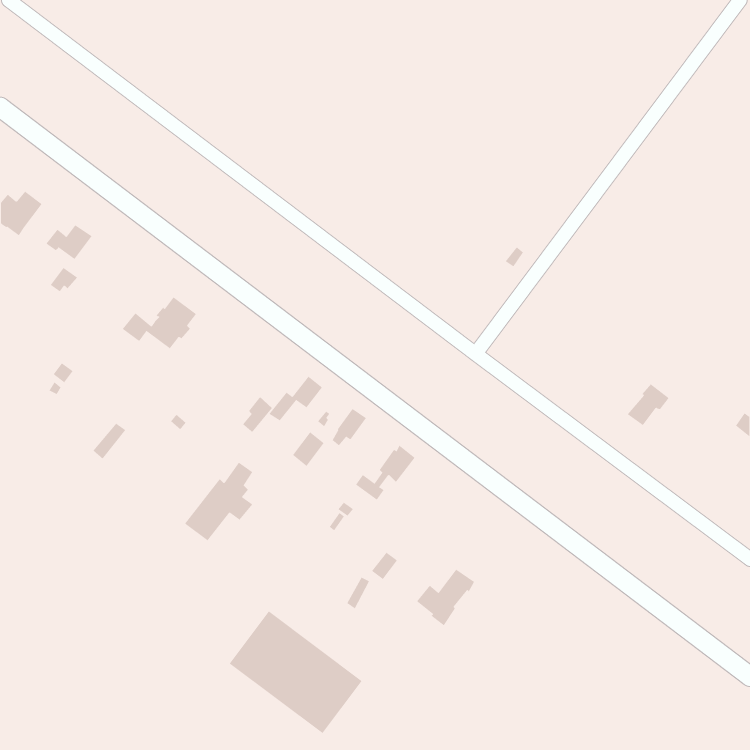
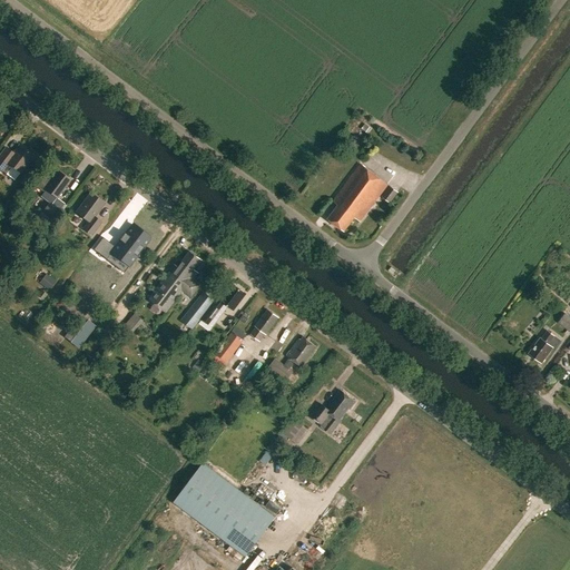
building: none -> [327,164,387,230]
building: none -> [75,193,104,235]
building: [627,383,669,426] -> [529,330,561,362]
building: [184,462,253,541] -> [148,252,200,312]
building: [416,569,475,626] -> [309,391,354,434]

